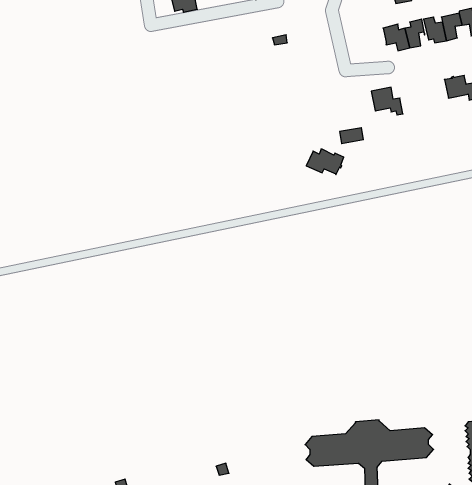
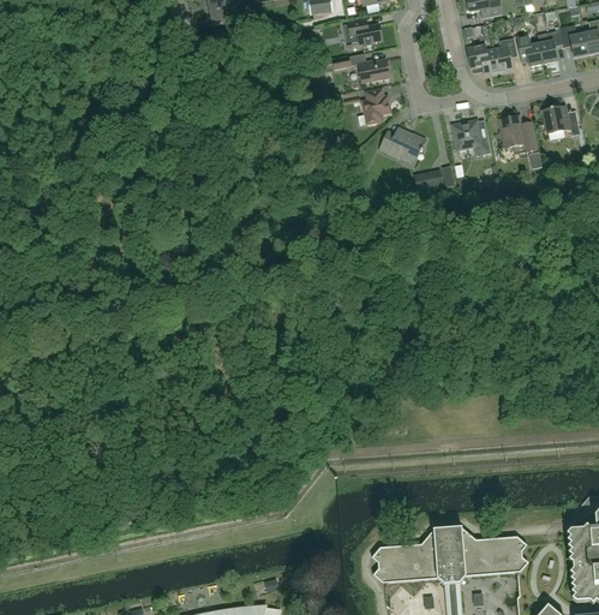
building: none -> [348,19,382,49]
building: none -> [358,59,390,83]
building: none -> [363,89,391,124]
building: none -> [498,115,537,153]
building: [306,149,344,175] -> [379,129,425,160]

